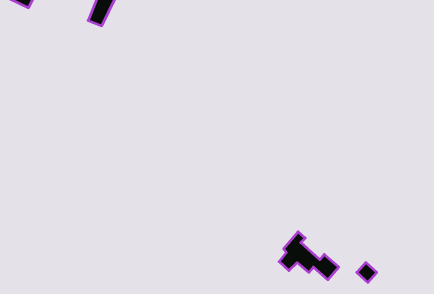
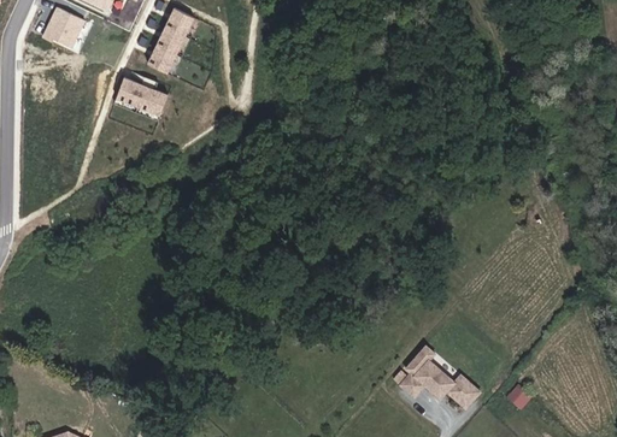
building: none -> [114,76,165,116]

